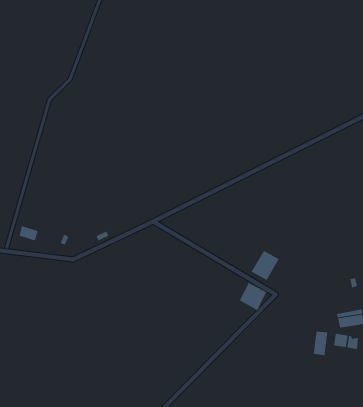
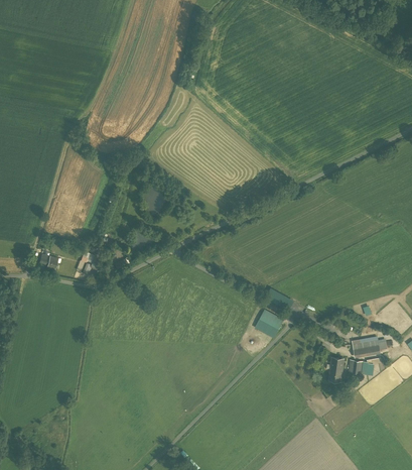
building: [251,250,280,281] -> none

